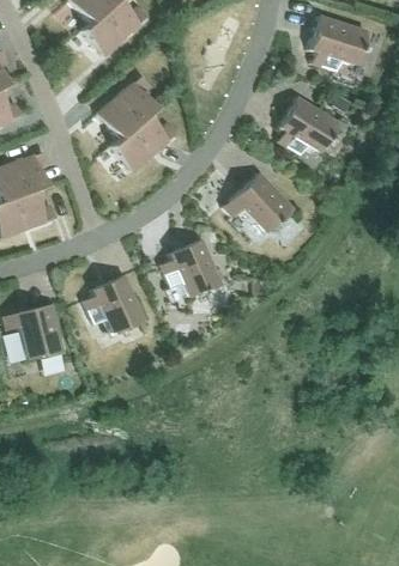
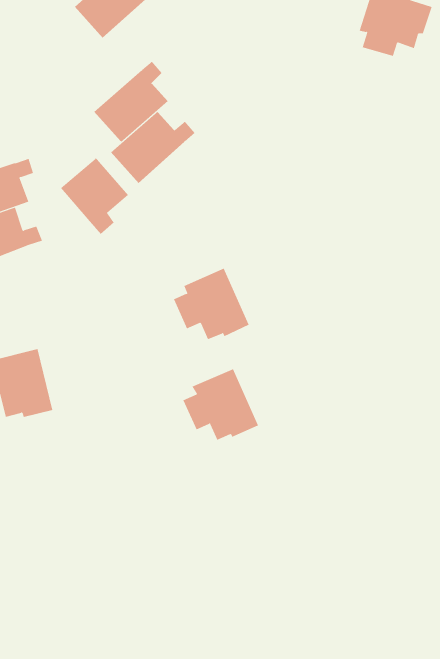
building: [278,97,340,154] -> none
building: none -> [60,148,129,235]
building: [224,172,295,233] -> none
building: [84,275,145,333] -> [183,369,259,441]

